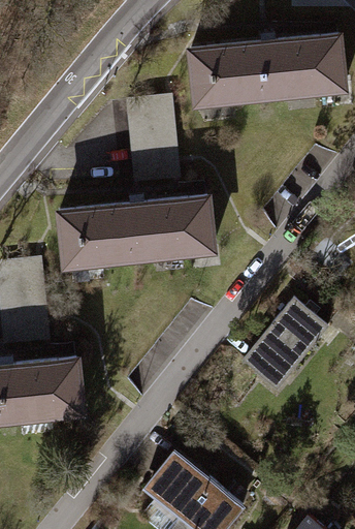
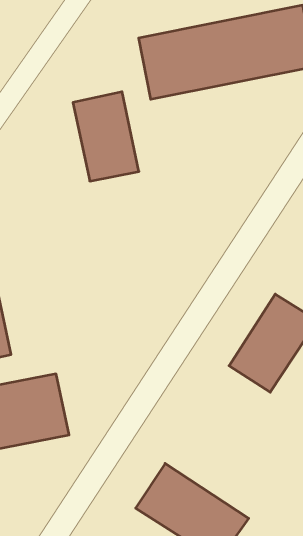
building: [56,195,217,271] -> none

